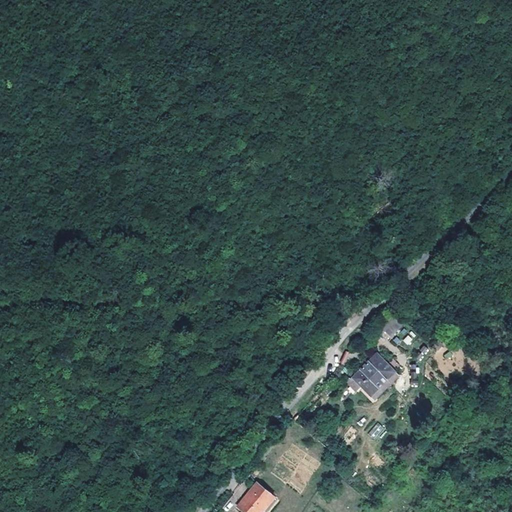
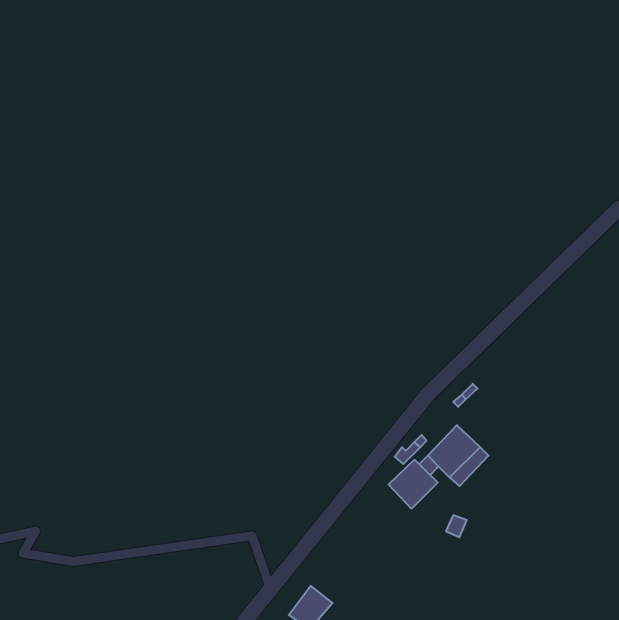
building: none -> [388,460,438,509]

